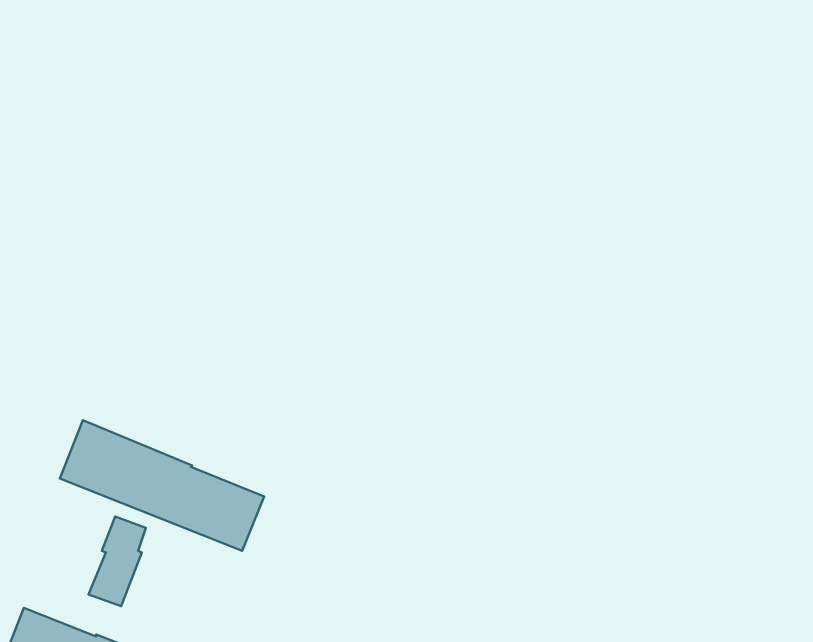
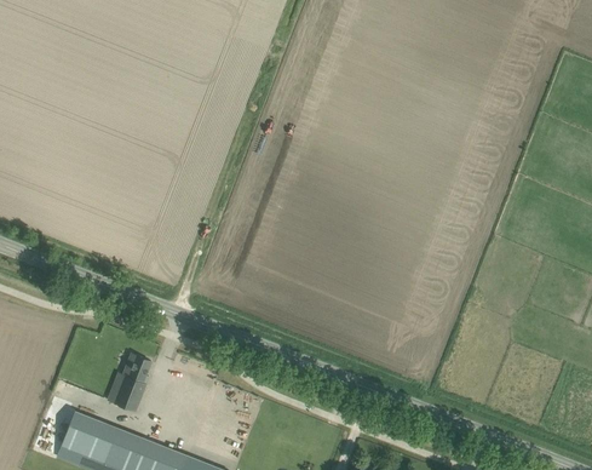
building: [60,420,264,551] -> none

